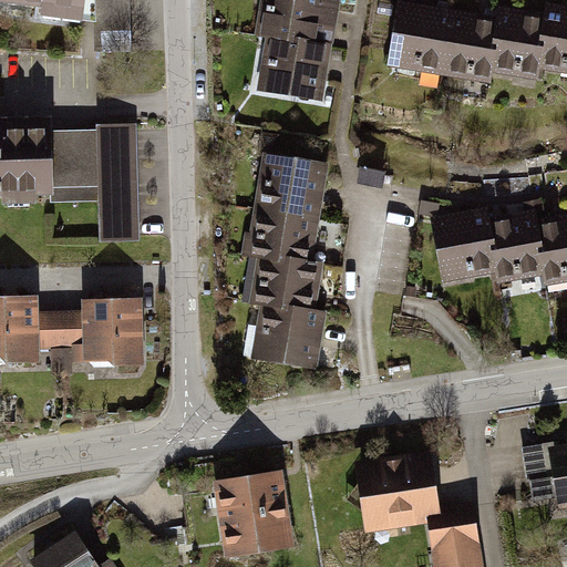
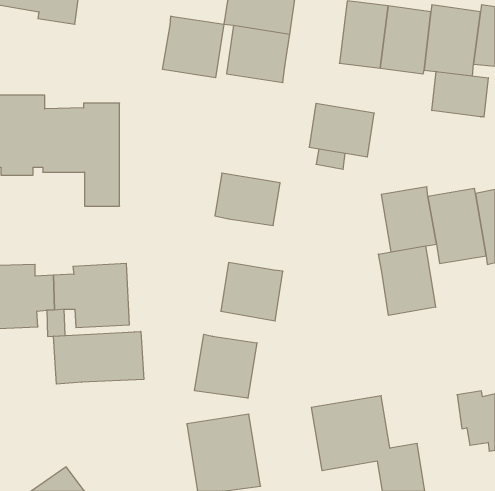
building: none -> [163,16,224,78]
building: none -> [432,71,488,117]
building: [252,147,327,208] -> [309,103,374,157]
building: [252,249,321,308] -> none
building: none -> [378,246,436,315]
building: none -> [53,331,144,384]
building: none -> [195,334,257,398]

